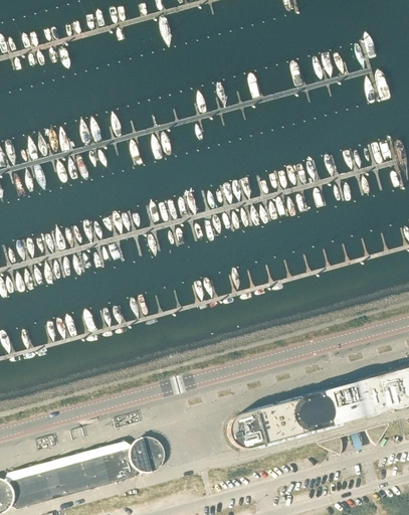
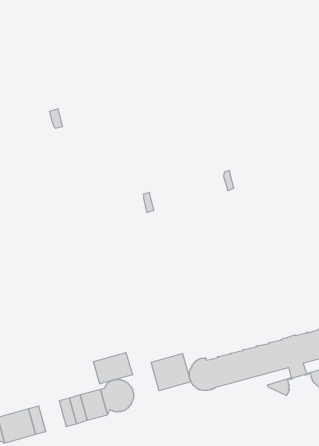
building: none -> [93,353,132,384]
building: none -> [151,353,190,391]
building: [57,459,88,494] -> none

